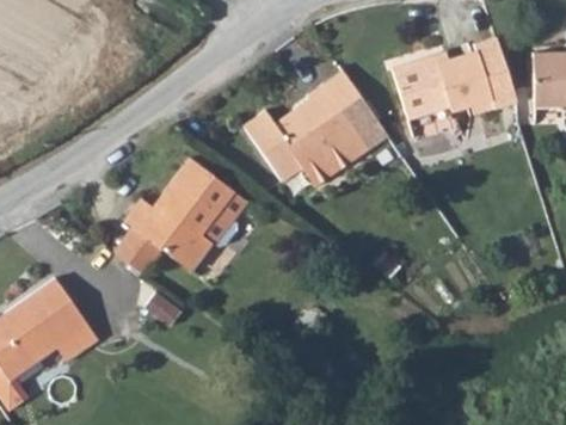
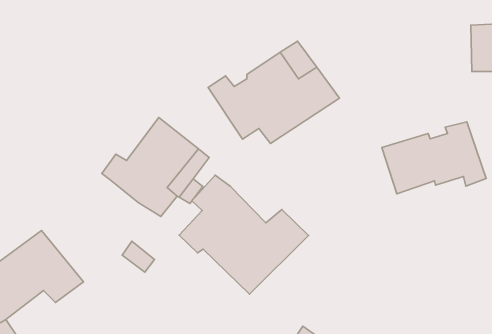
building: [389,39,505,119] -> [382,122,486,194]
building: none -> [179,175,309,294]
building: [112,227,165,276] -> none

